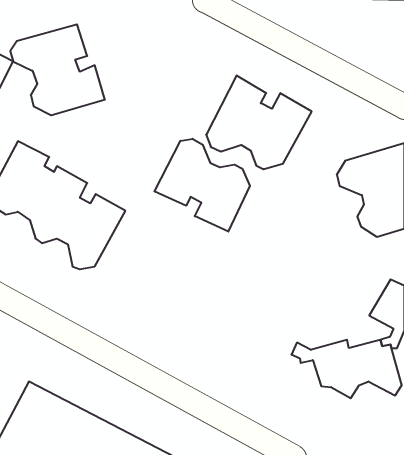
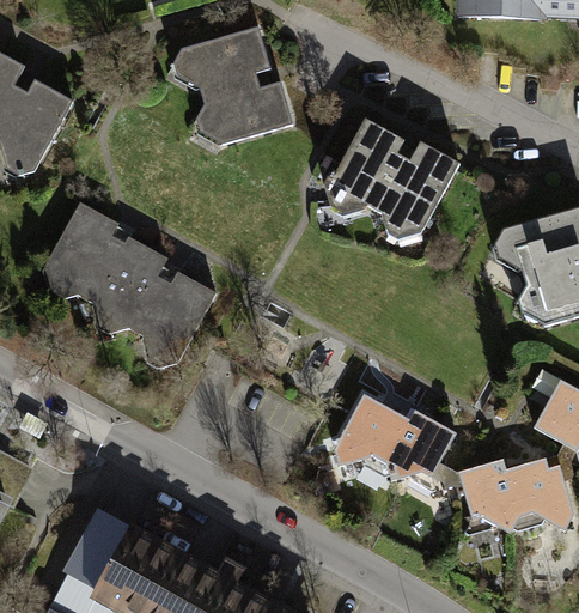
building: [10,24,105,115] -> [172,26,294,144]
building: [154,139,250,232] -> none
building: none -> [331,393,455,481]

